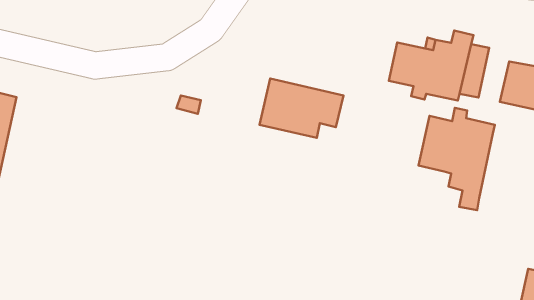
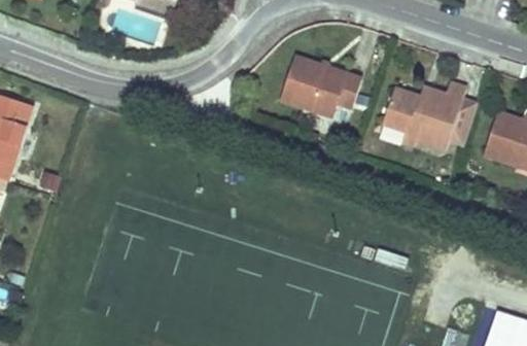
building: [259,78,344,138] -> [281,55,362,114]
building: [419,108,495,210] -> none

